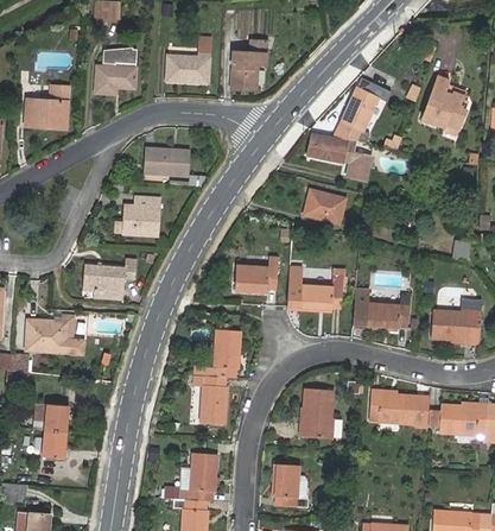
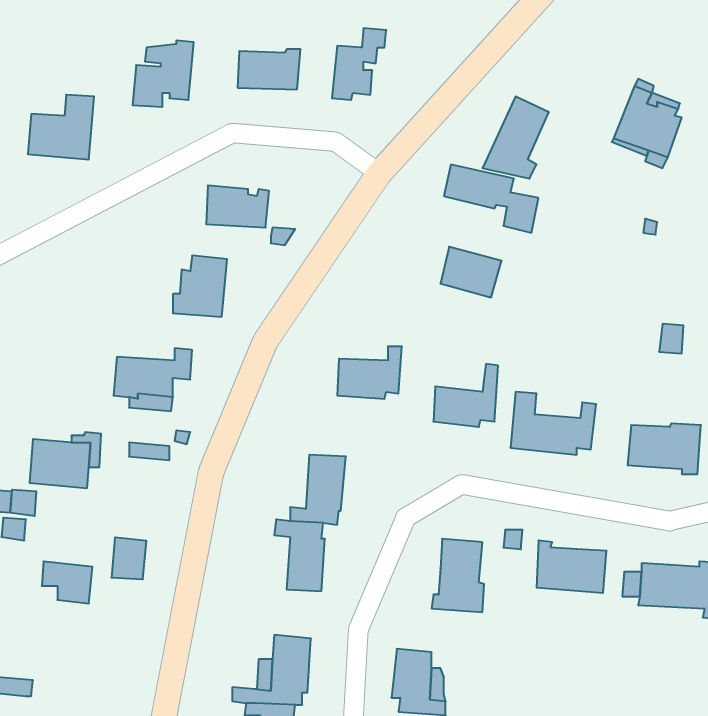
building: [42,429,65,457] -> [111,537,146,579]

